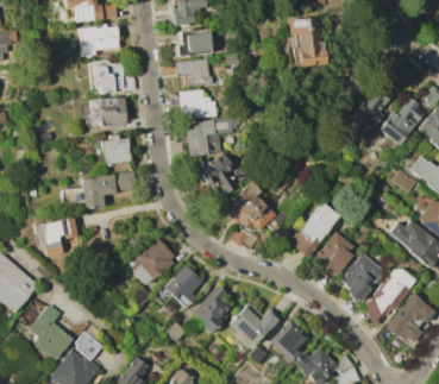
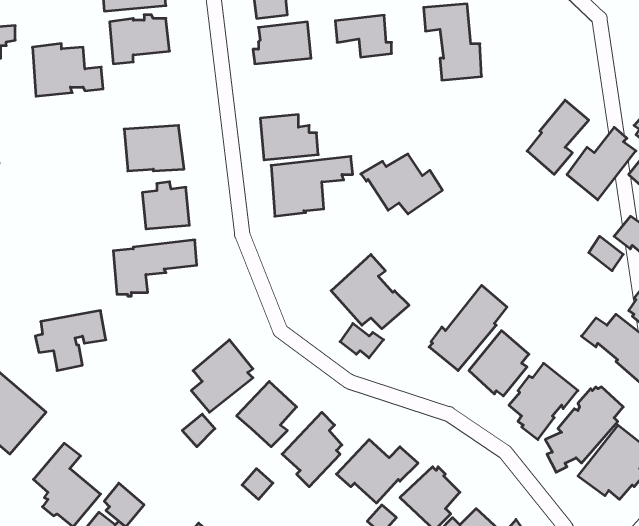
building: [176,58,213,86] -> [335,15,392,57]
building: [89,59,136,94] -> [32,44,103,96]
building: [193,153,246,193] -> [361,154,442,214]

